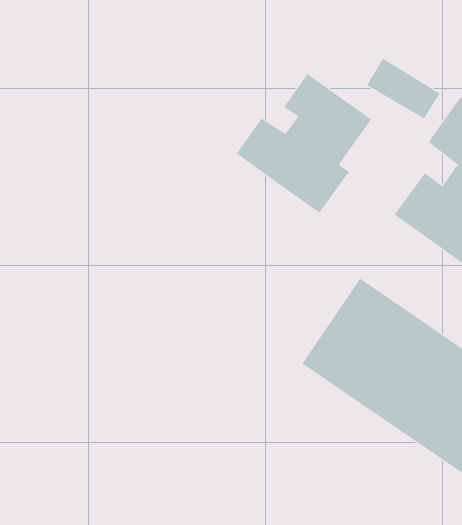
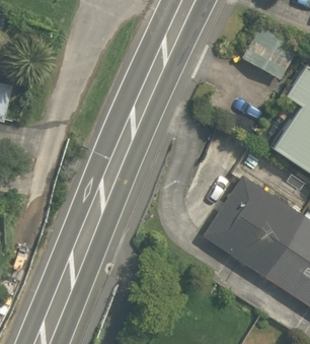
building: [236,73,372,213] -> none

